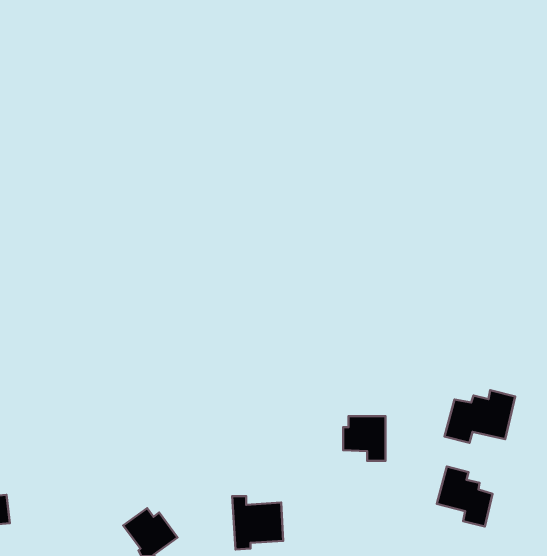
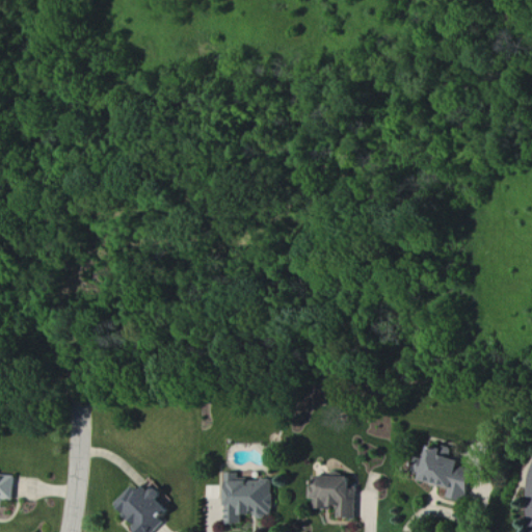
building: [445,390,515,443] -> none
building: [343,416,386,461] -> [310,476,350,518]

